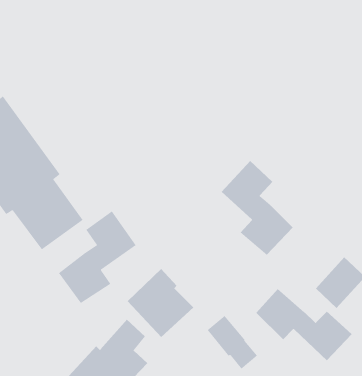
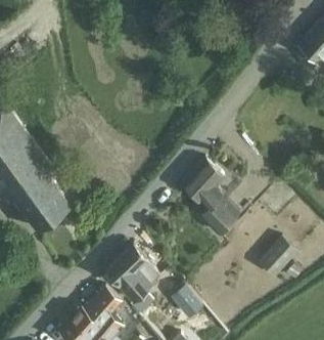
building: [58,210,137,304] -> none
building: [256,288,353,361] -> none

